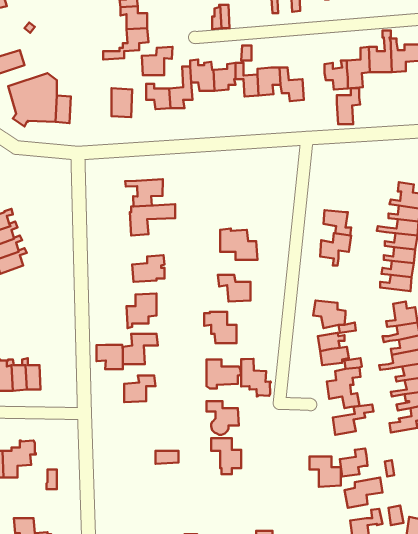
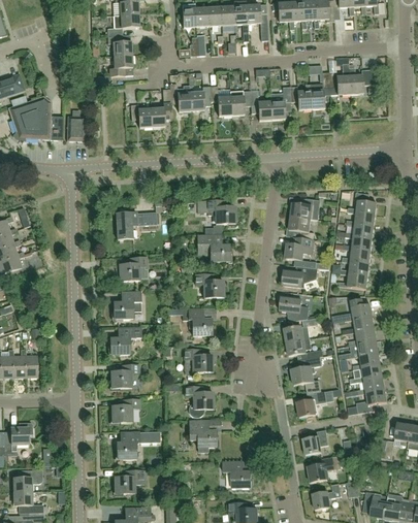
building: [142,47,172,75] -> none
building: [337,88,360,124] -> [270,87,291,119]
building: [111,88,132,117] -> [67,115,86,140]
building: [125,179,163,206] -> none
building: none -> [290,197,320,220]
building: none -> [198,200,235,223]
building: none -> [281,265,318,287]
building: [96,345,123,369] -> none
building: [241,359,271,396] -> none
building: none -> [111,399,139,422]
building: none -> [117,431,139,458]
building: [309,457,341,487] -> [223,461,251,488]
building: none -> [13,469,42,491]
building: none -> [114,469,144,493]

